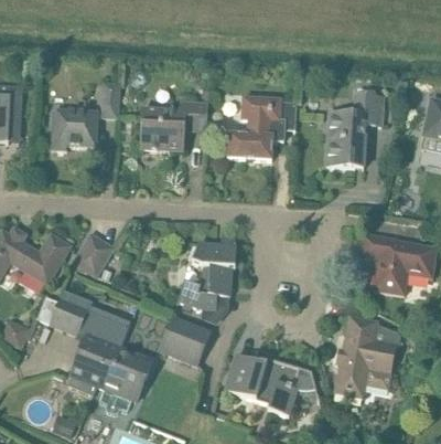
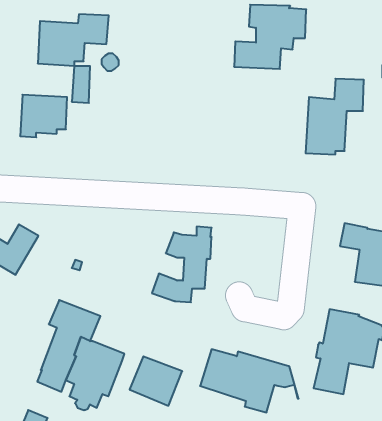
building: [227,97,297,159] -> [234,5,306,69]
building: [140,102,208,151] -> [38,14,109,66]
building: [73,234,112,276] -> none
building: [39,296,89,335] -> none
building: [160,317,211,364] -> [130,356,182,406]

